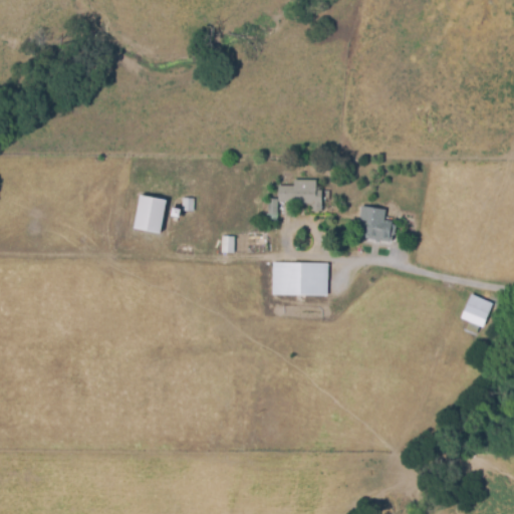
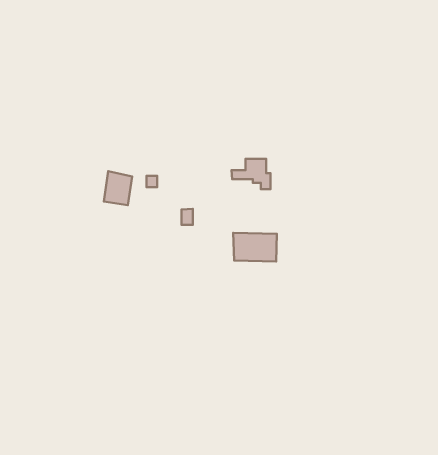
building: [356,205,394,244] -> none
building: [461,303,488,333] -> none

